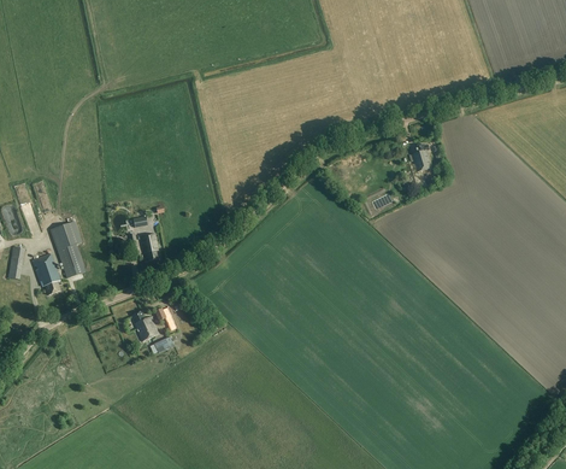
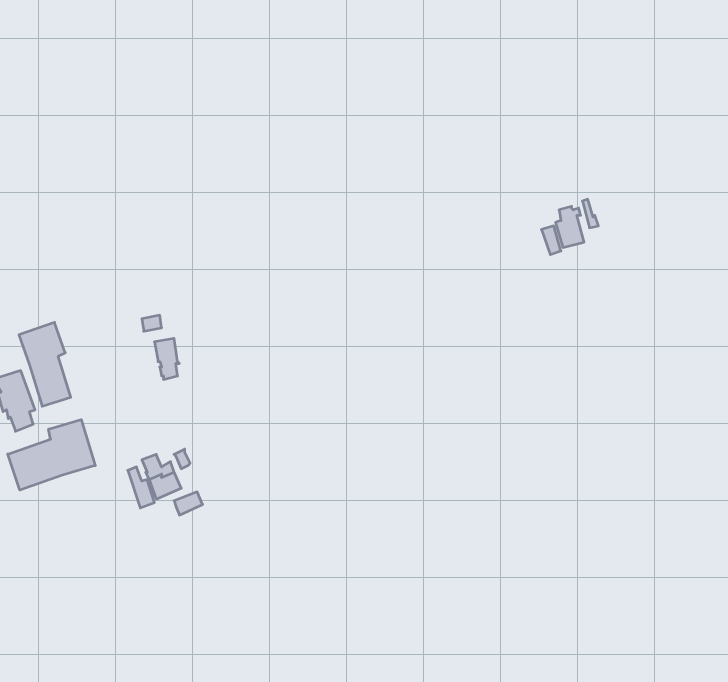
building: none -> [8,420,95,490]

